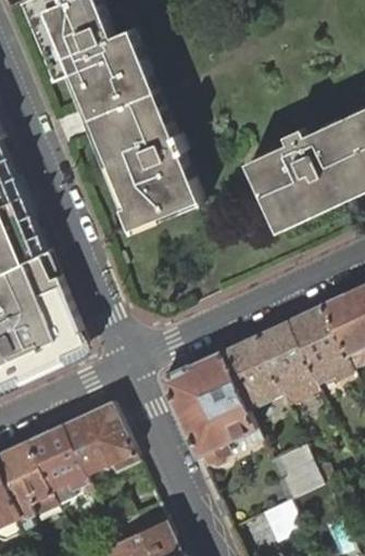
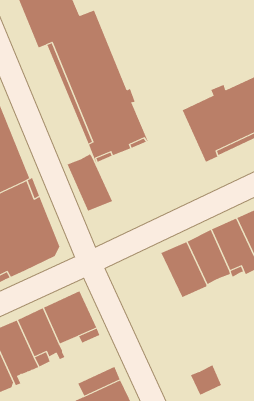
building: none -> [67,153,113,212]
building: [158,353,256,457] -> none
building: [275,446,318,501] -> none

